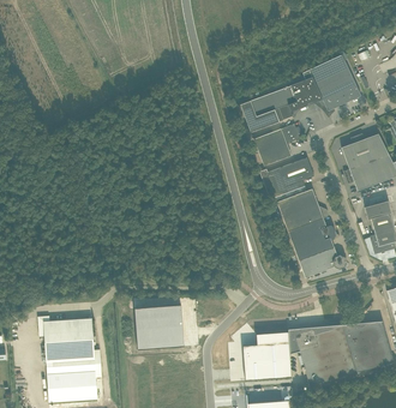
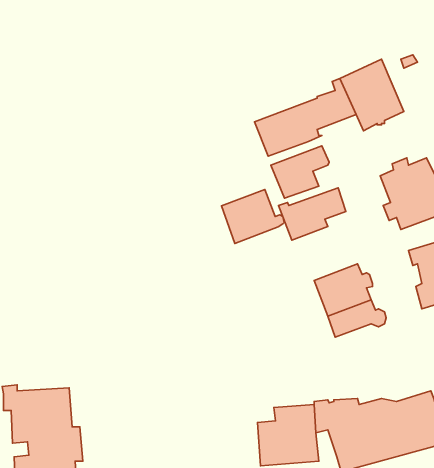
building: [277,188,328,232] -> [221,190,284,243]
building: [134,304,184,349] -> none

